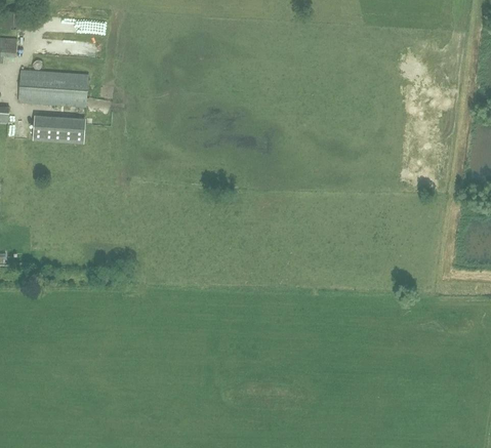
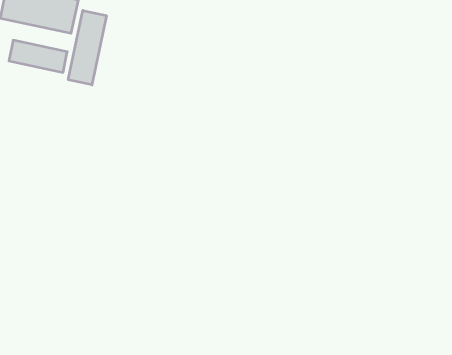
building: none -> [68,10,106,85]

